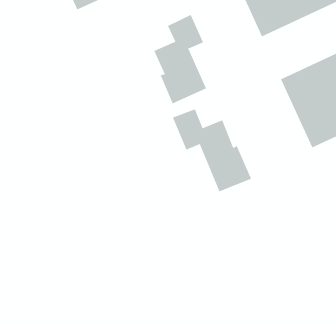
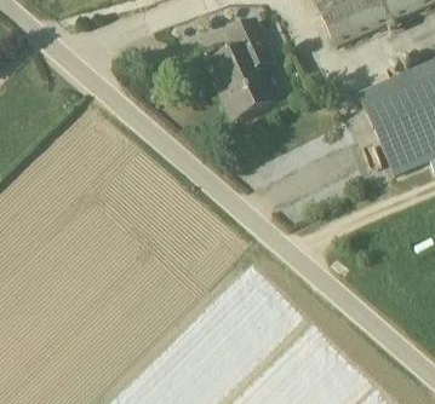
building: [172,109,252,192] -> none

